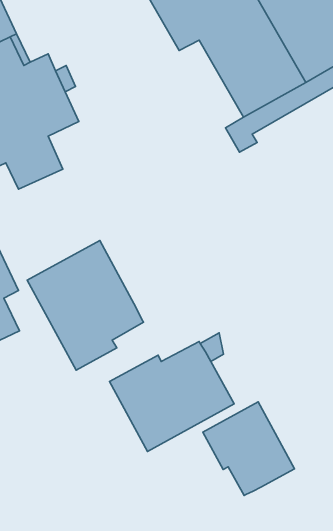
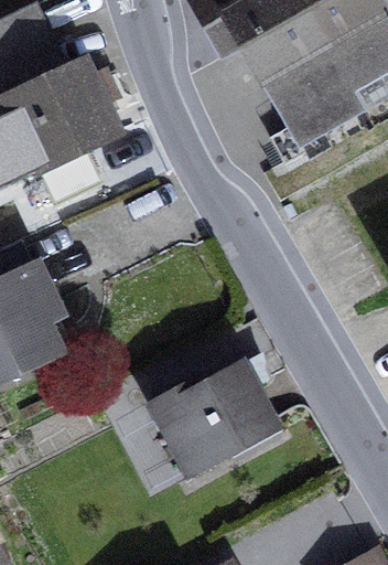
building: [27,241,144,370] -> none
building: [203,402,294,496] -> none

